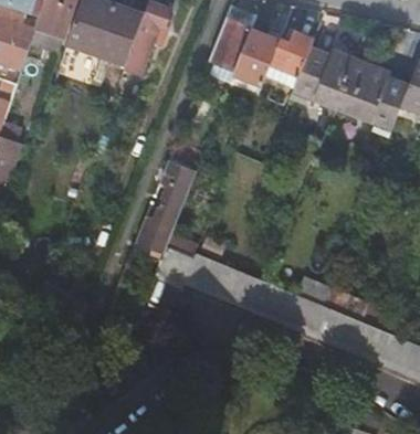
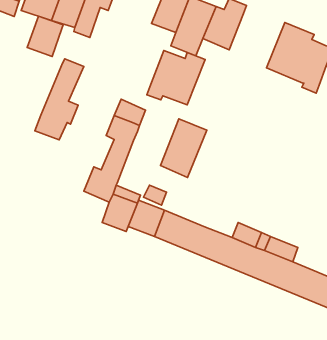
building: [291,49,355,108] -> [147,50,205,105]
building: none -> [27,16,63,56]
building: none -> [35,59,84,140]
building: none -> [161,119,207,178]

